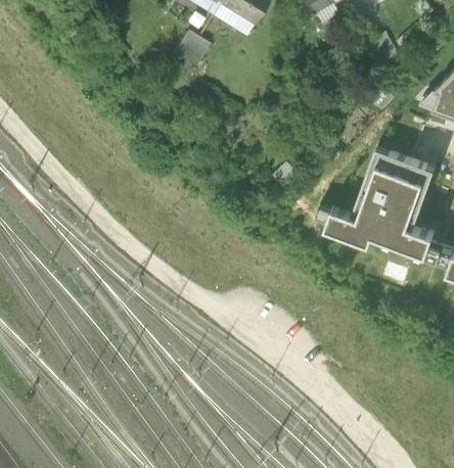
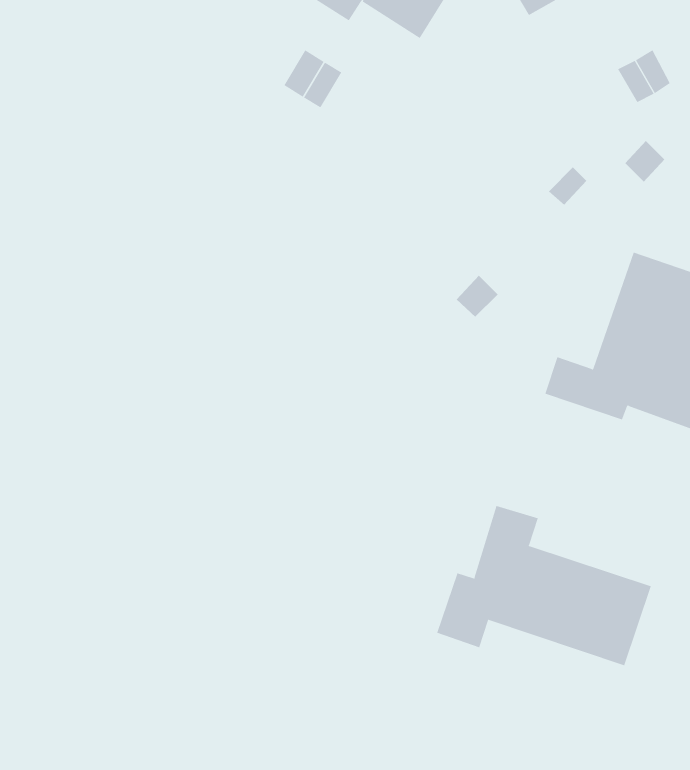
building: none -> [437,505,652,666]

